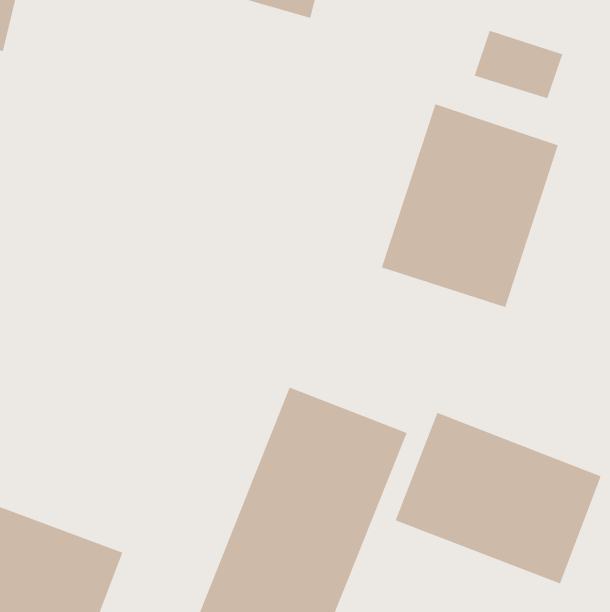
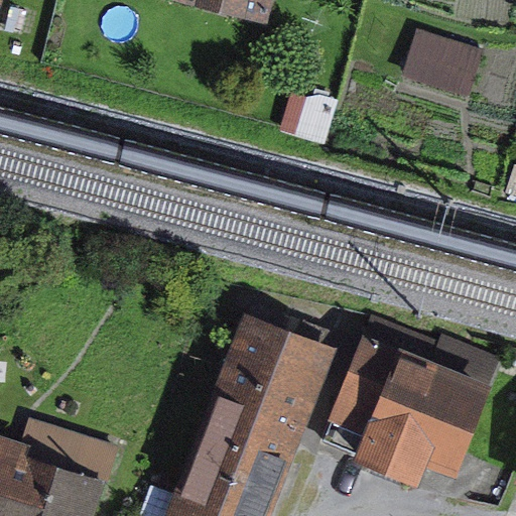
building: [381,104,558,308] -> none

